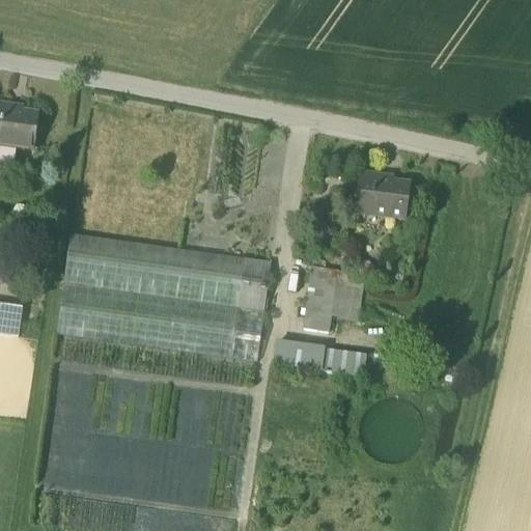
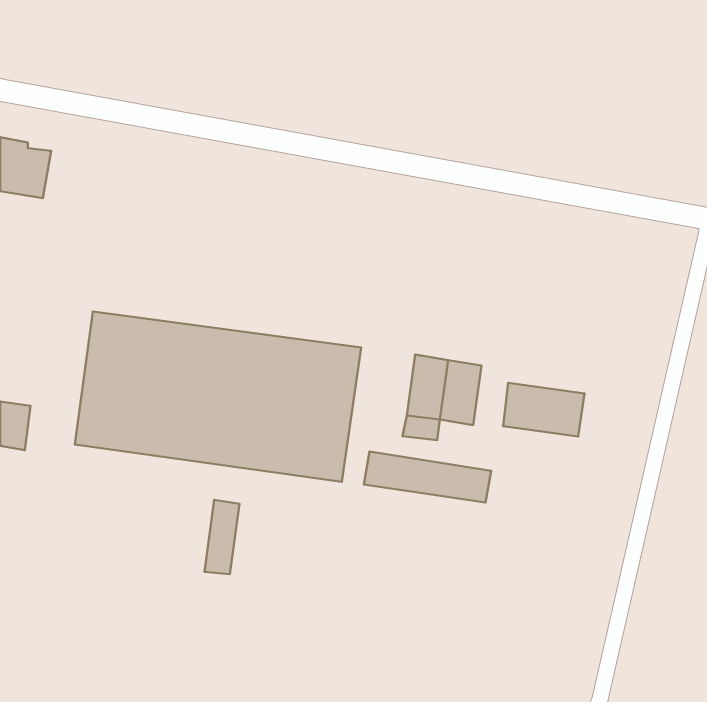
building: [355,172,410,218] -> none
building: none -> [503,383,585,436]
building: none -> [204,500,239,574]

